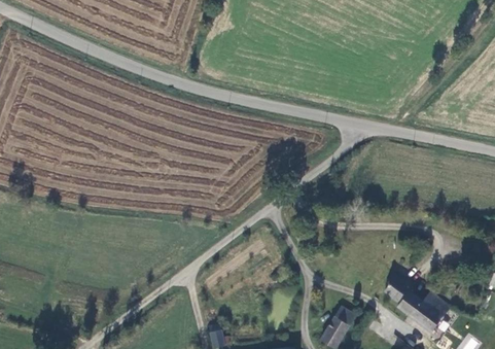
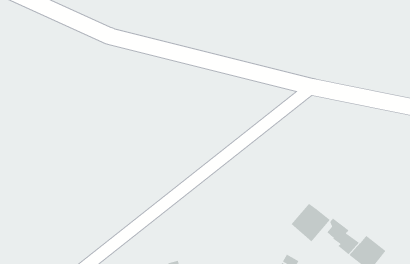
building: none -> [290,203,331,242]

